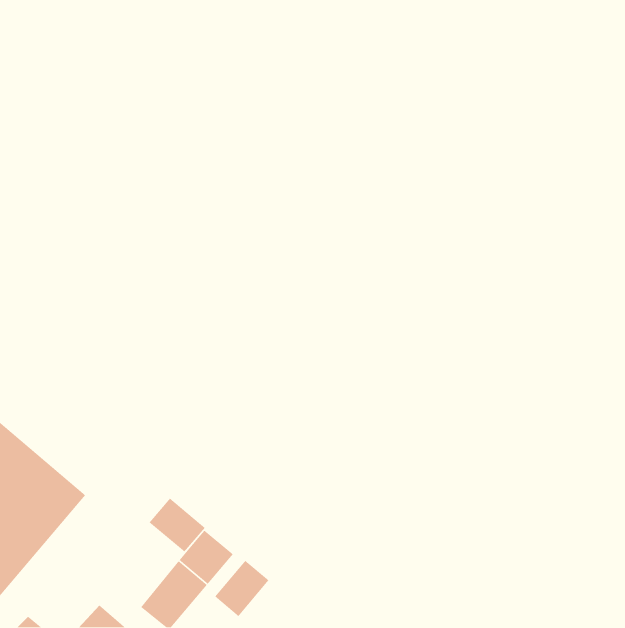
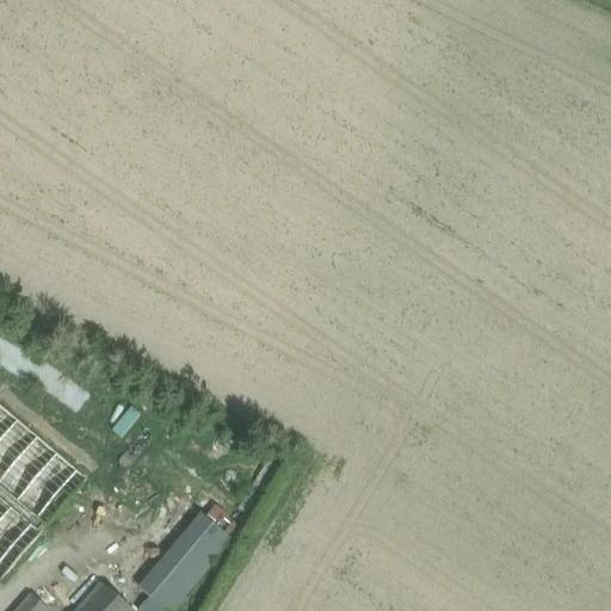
building: [149,497,206,553] -> none
building: [214,560,269,617] -> none

